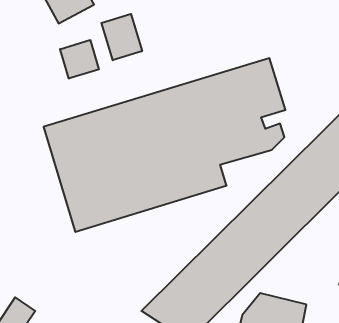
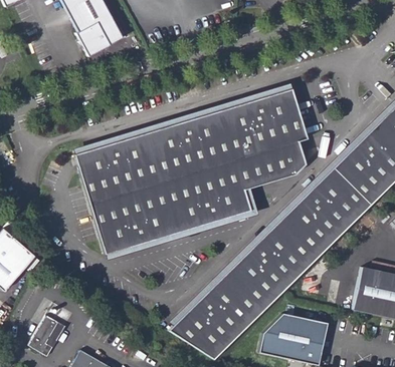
building: [101,14,142,60] -> none
building: [60,40,99,79] -> none

